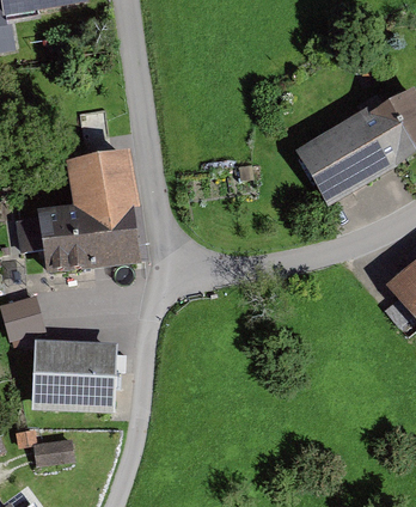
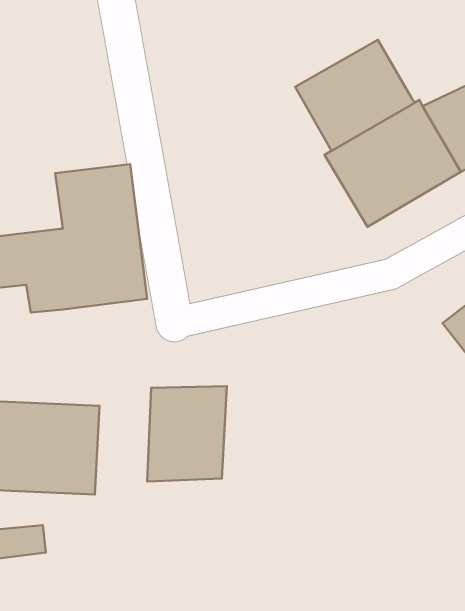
building: none -> [295,40,415,151]
building: none -> [147,386,227,482]

